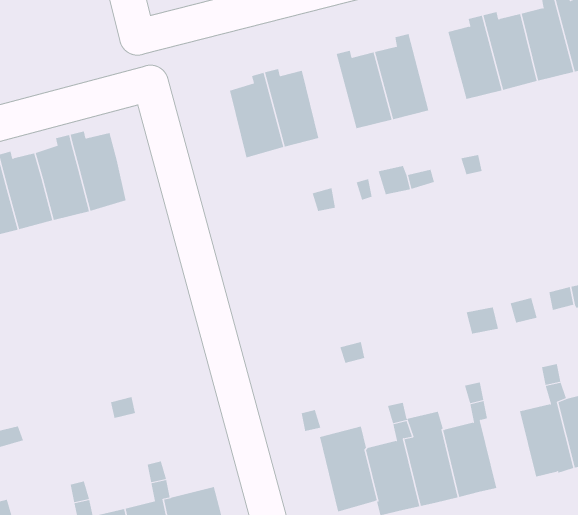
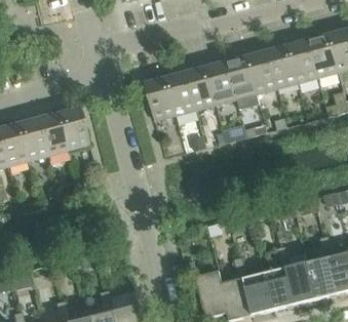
building: none -> [245,49,277,94]
building: none -> [186,63,216,110]
building: none -> [285,263,316,306]

